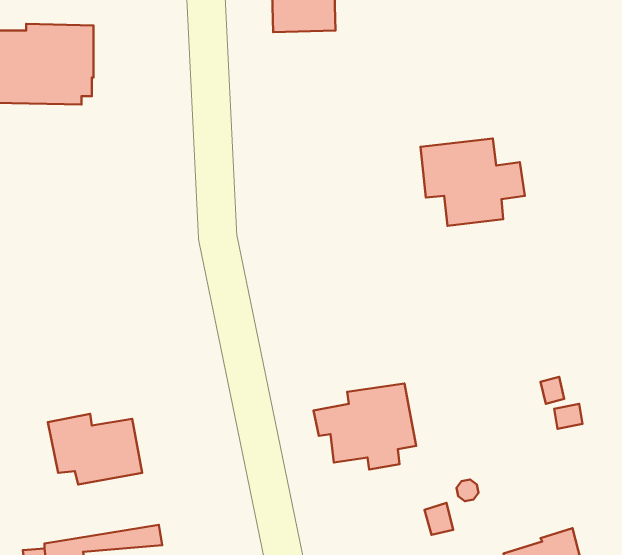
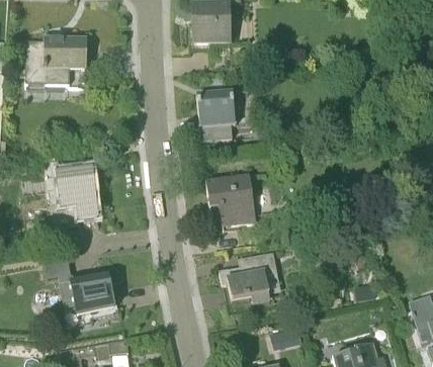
building: none -> [195,90,235,140]
building: [421,139,525,226] -> [205,173,268,225]
building: none -> [55,166,96,217]

